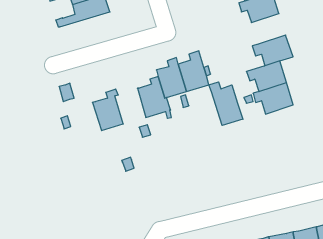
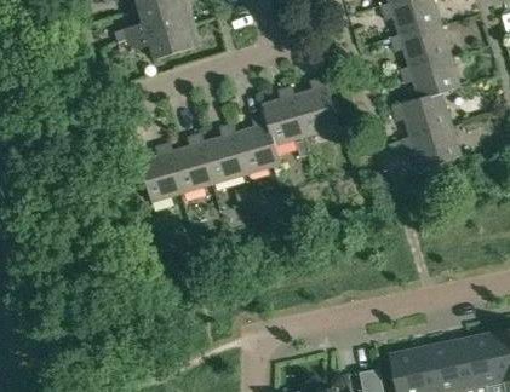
building: none -> [118,19,200,59]
building: none -> [390,22,448,67]
building: [209,82,243,125] -> none
building: none -> [200,122,245,183]
building: none -> [138,142,180,202]

